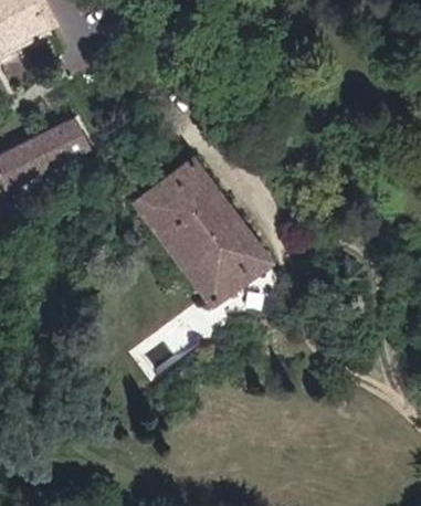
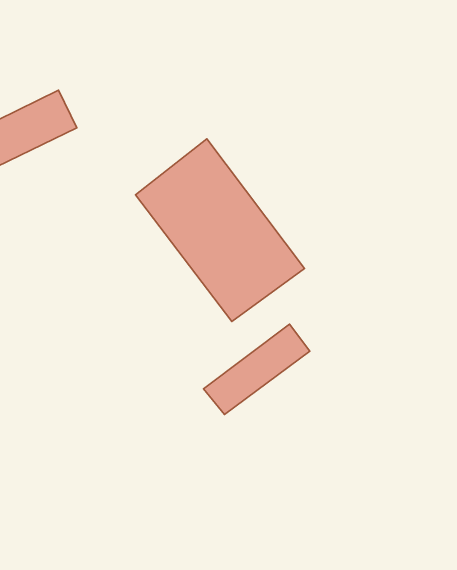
building: none -> [203,324,310,415]

